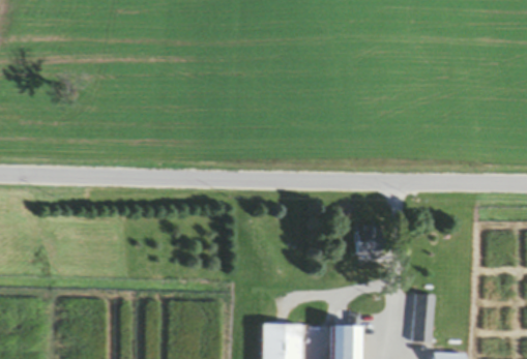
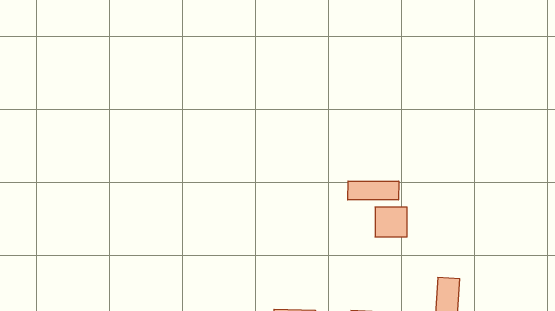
building: none -> [348,181,399,200]

